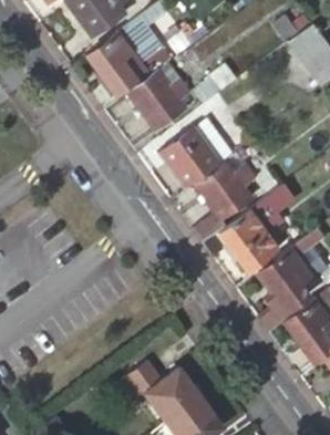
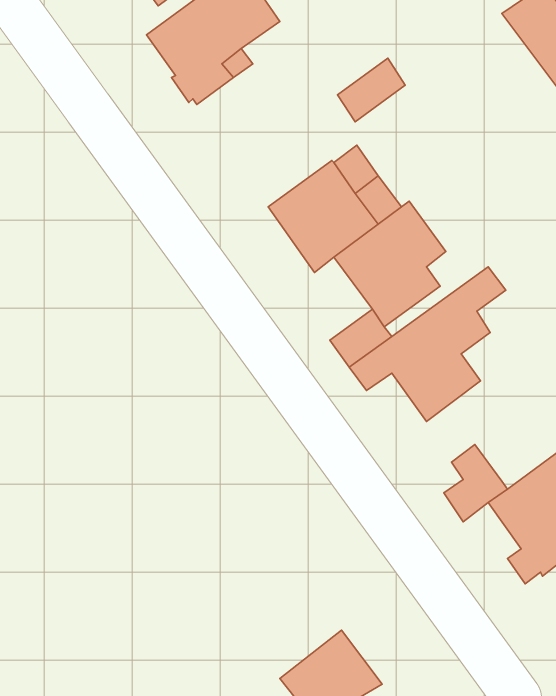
building: [130,62,192,128] -> none
building: [262,245,318,310] -> none
building: [122,360,199,423] -> none

